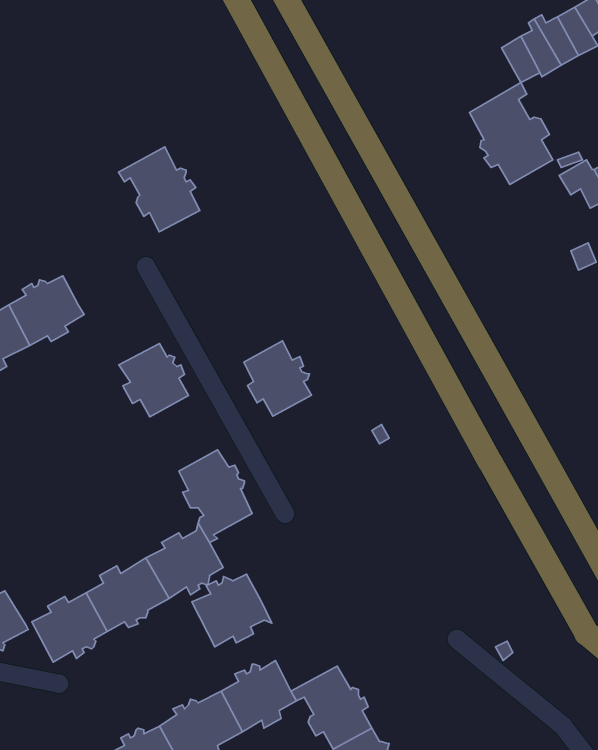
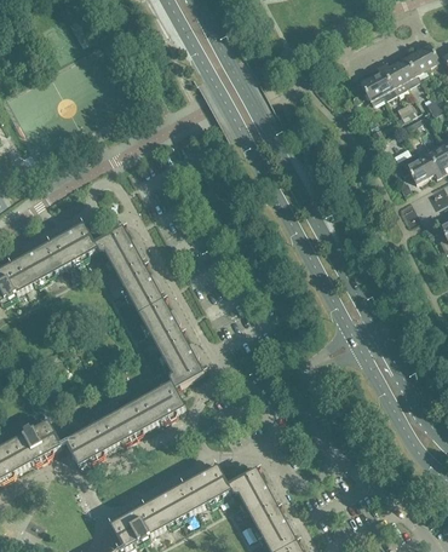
building: [469,83,553,185] -> none
building: [119,147,200,232] -> [94,226,145,280]
building: [244,341,311,416] -> [139,299,182,346]
building: [192,574,272,647] -> none

